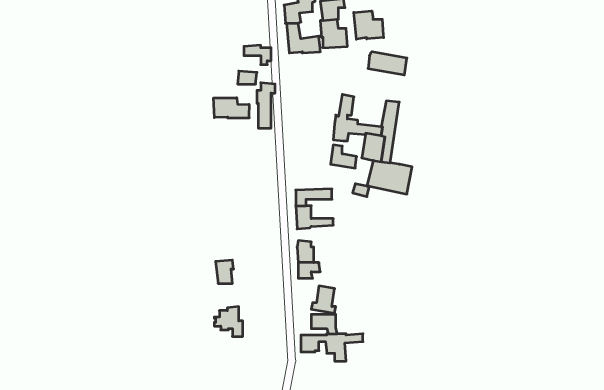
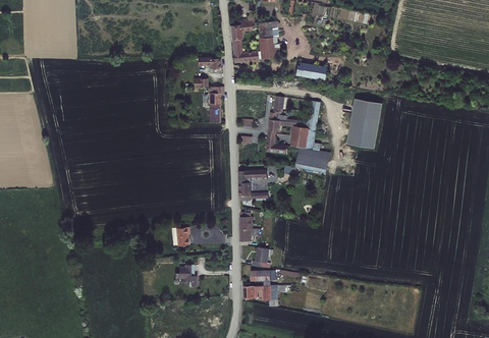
building: [354,11,384,39] -> none
building: none -> [346,98,382,149]
building: [214,98,249,118] -> none

